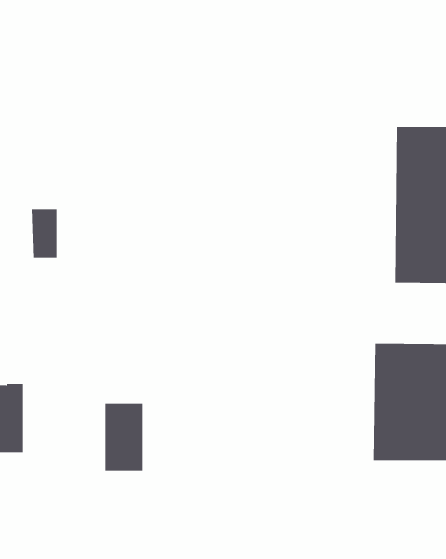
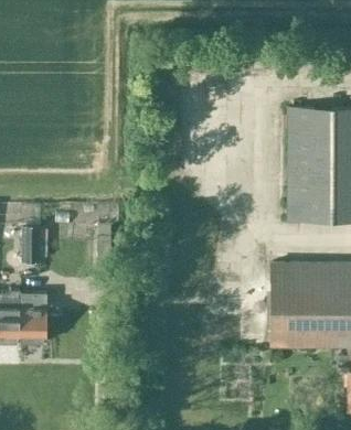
building: [31,209,58,258] -> [21,227,40,262]
building: [105,403,143,471] -> [21,293,49,342]

